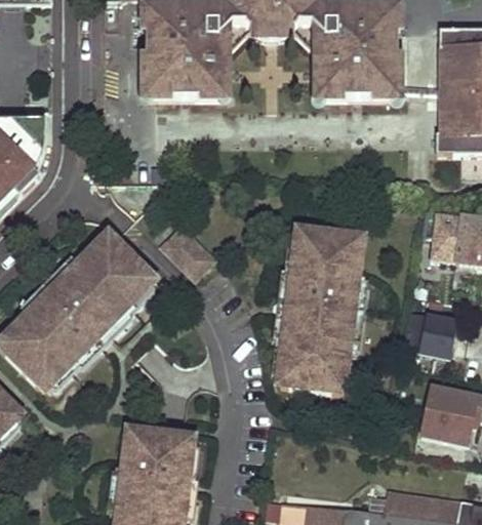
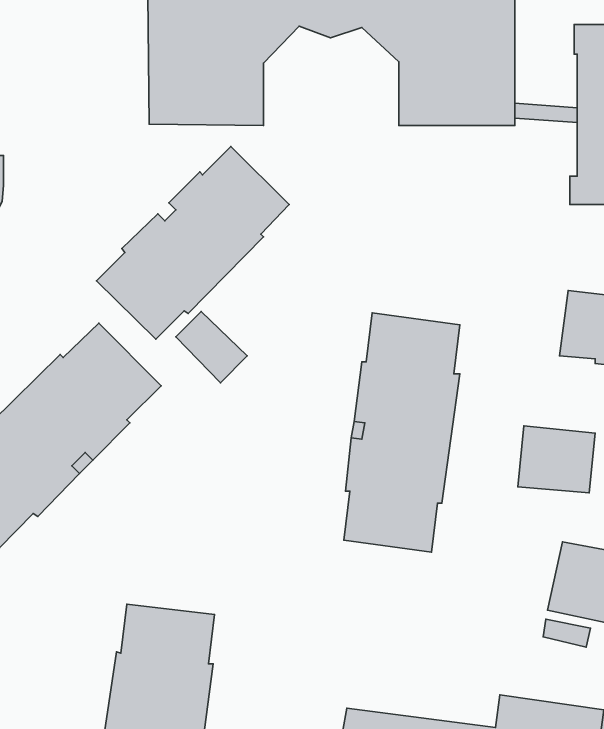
building: none -> [96,146,289,339]

